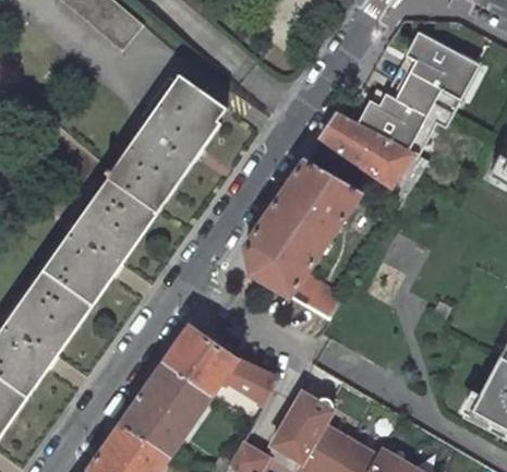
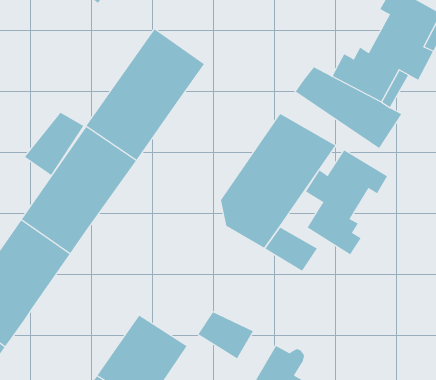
building: none -> [24,112,84,176]
building: none -> [305,150,388,255]
building: [162,325,237,394] -> none

